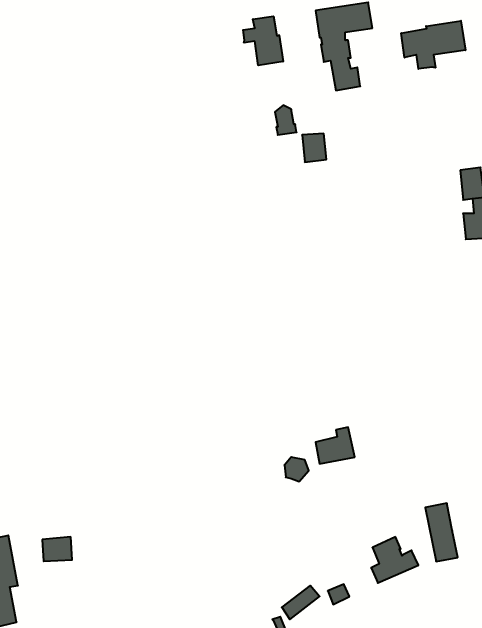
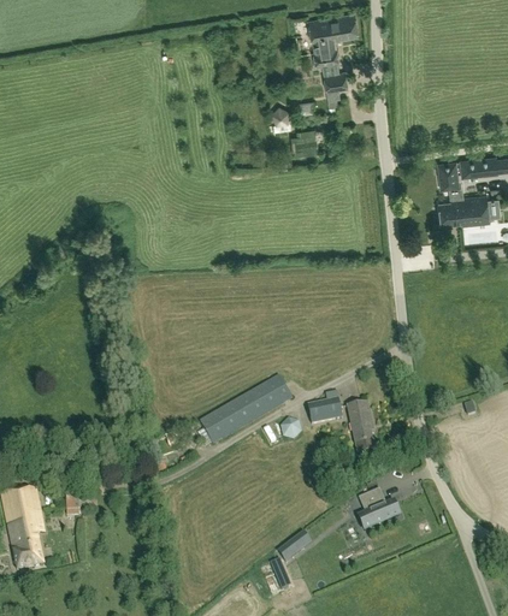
building: [243,16,283,65] -> none
building: [401,21,465,69] -> none
building: none -> [201,377,291,445]
building: [425,503,458,561] -> [347,403,376,455]

